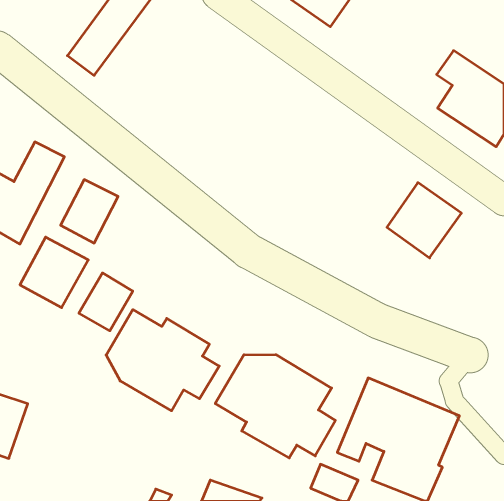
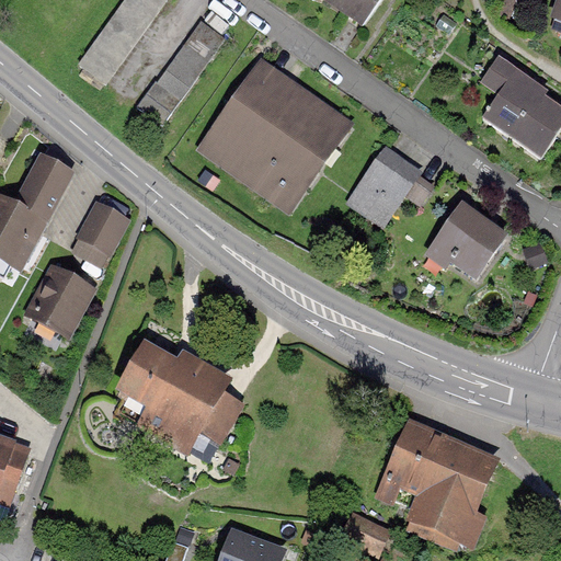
building: none -> [135,19,224,125]
building: none -> [194,56,355,215]
building: none -> [345,146,420,226]
building: [79,273,133,331] -> none
building: [215,355,335,458] -> none

